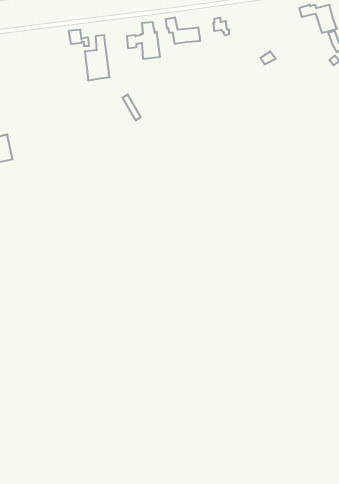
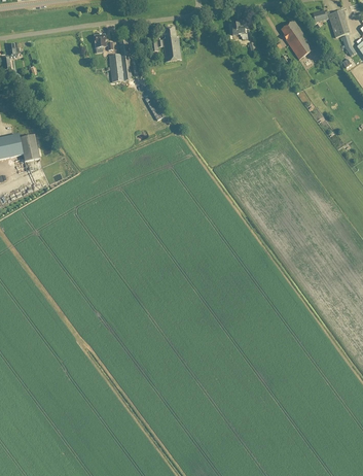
building: none -> [280,19,313,58]
building: [166,17,200,44] -> none

